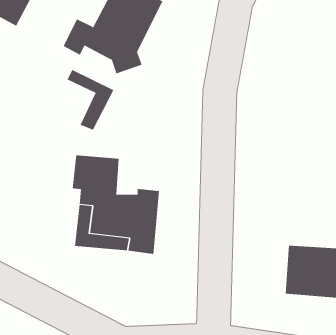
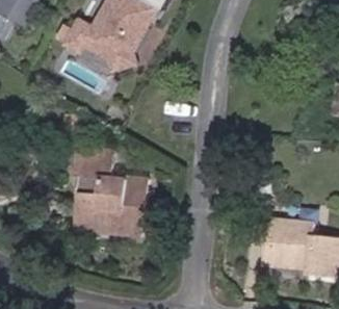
building: [67,69,114,131] -> none

